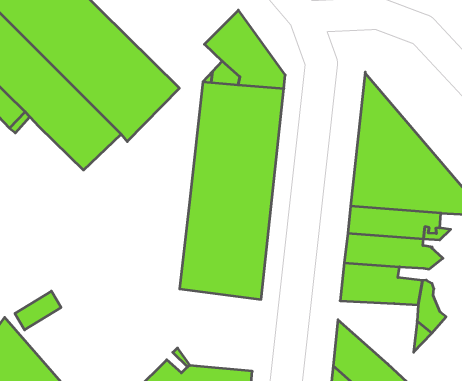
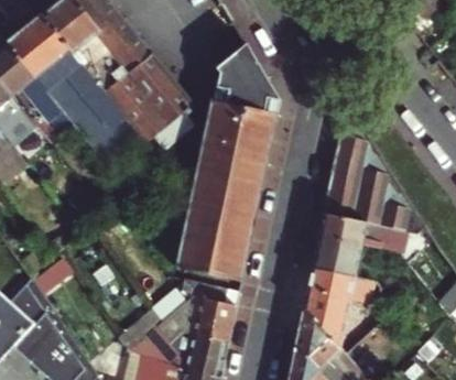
building: none -> [303,292,350,348]
building: none -> [176,296,237,343]

